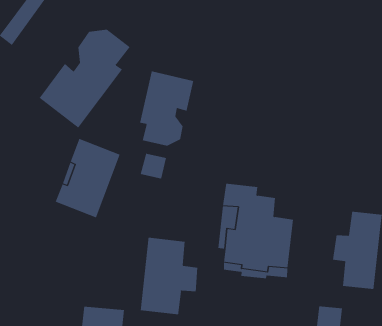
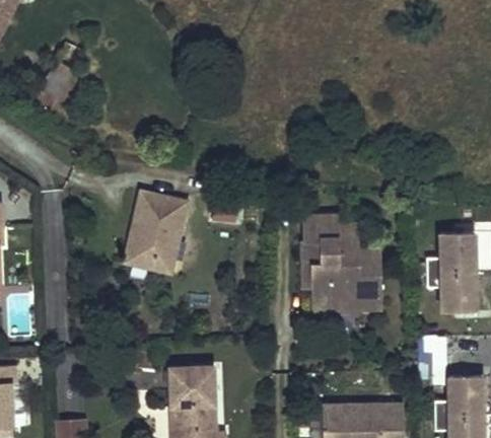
building: [39,29,131,129] -> none
building: [139,70,194,147] -> none
building: [140,237,198,315] -> none

